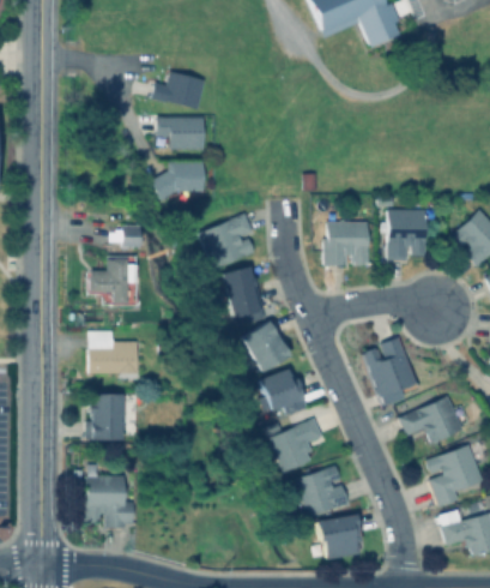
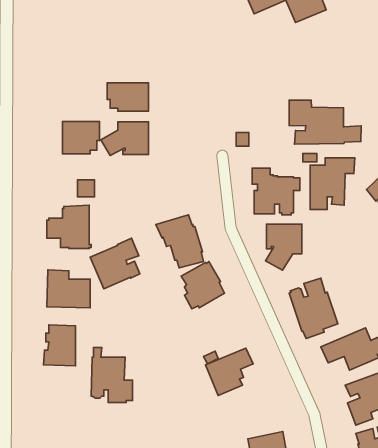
building: [151,72,206,110] -> none
building: none -> [289,100,361,144]
building: none -> [62,122,100,154]
building: [199,212,255,270] -> [90,238,140,289]
building: none -> [265,224,302,270]
building: [259,368,307,424] -> none
building: [86,464,133,527] -> [91,348,133,402]
building: [296,466,349,516] -> none

